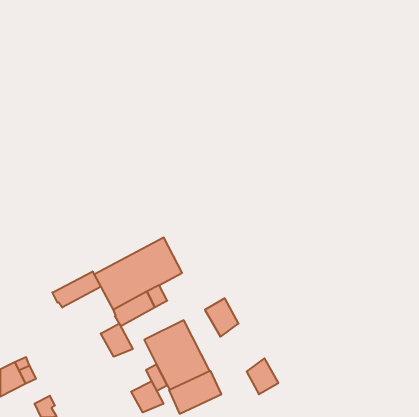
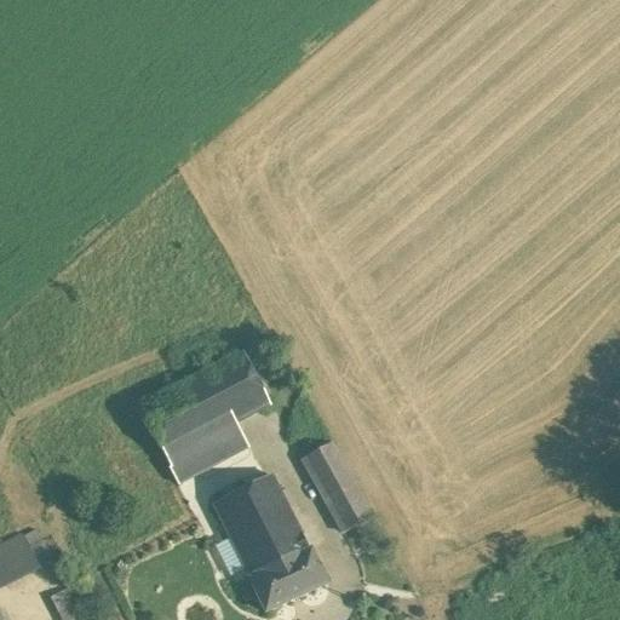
building: [52,271,101,308] -> none
building: [101,324,133,357] -> none
building: [247,358,278,394] -> [326,478,373,532]
building: [131,381,163,412] -> none

